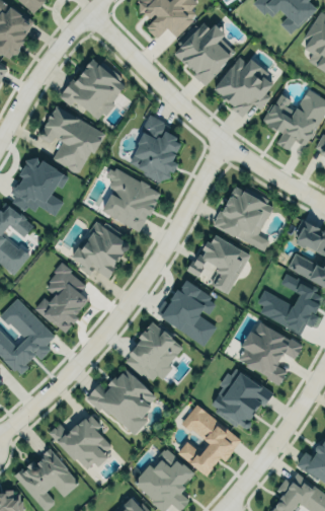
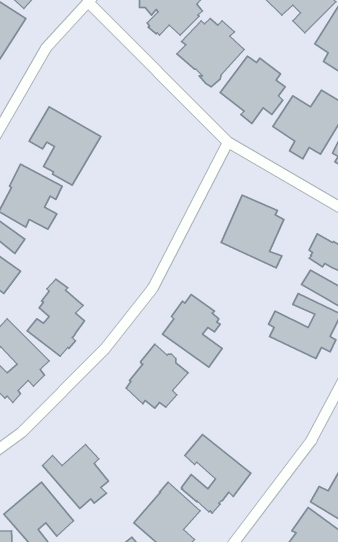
building: [60,59,126,120] -> none
building: [131,115,181,182] -> none
building: [101,167,160,232] -> none
building: [72,222,130,279] -> none
building: [186,235,249,293] -> none
building: [238,321,303,385] -> none
building: [212,369,273,429] -> none
building: [86,373,156,435] -> none

